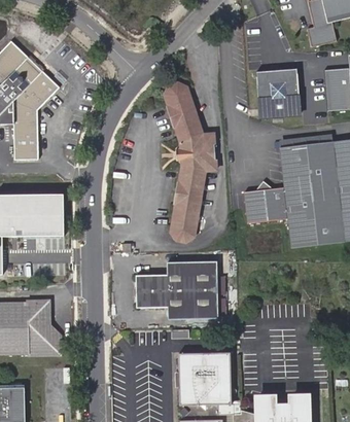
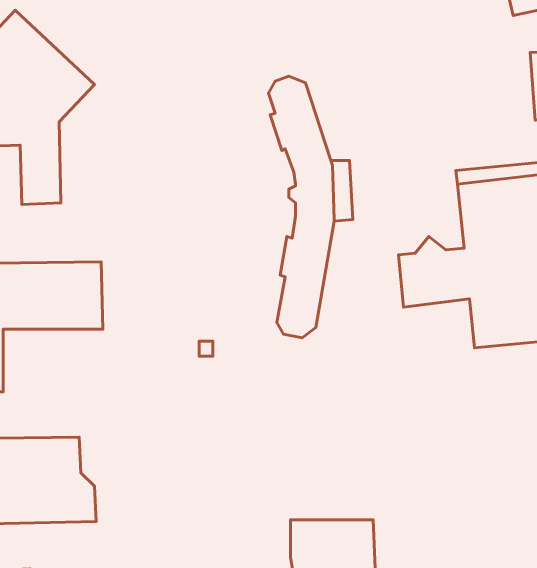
building: [251,65,304,116] -> none
building: [136,260,217,319] -> none

